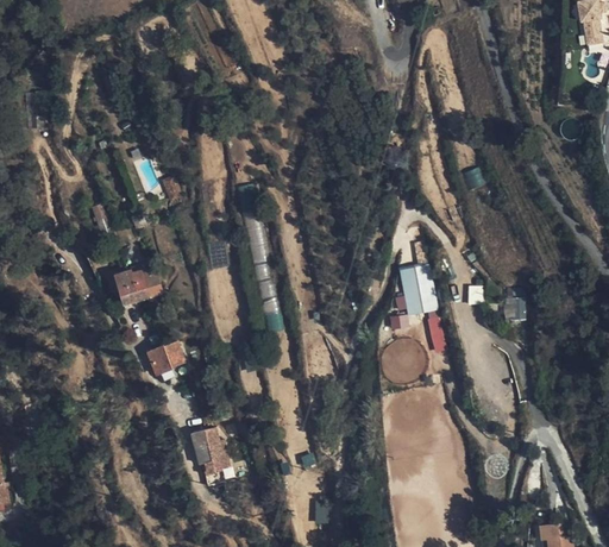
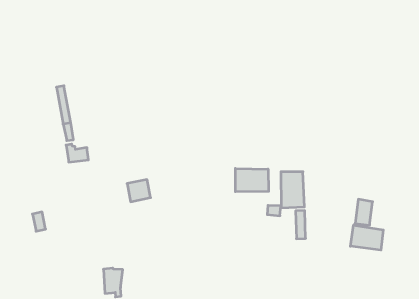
building: none -> [235,168,269,192]
building: none -> [350,225,383,250]
building: [146,342,180,375] -> [127,180,151,202]

